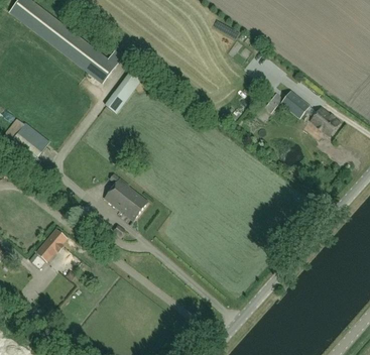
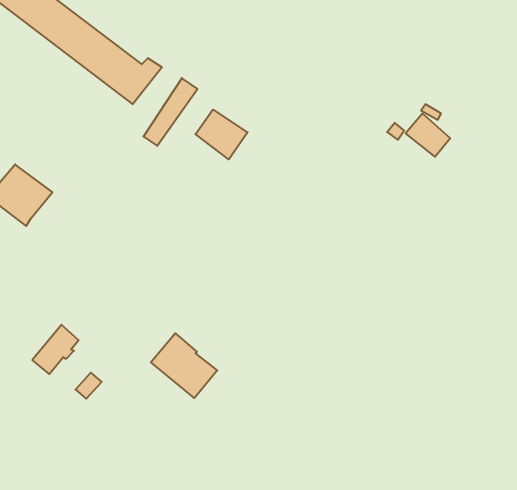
building: none -> [195,110,248,159]
building: [311,107,341,135] -> none
building: [104,178,147,220] -> [151,333,217,398]

